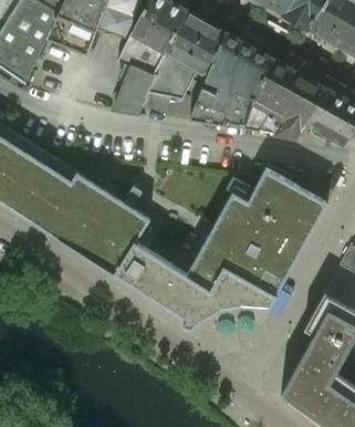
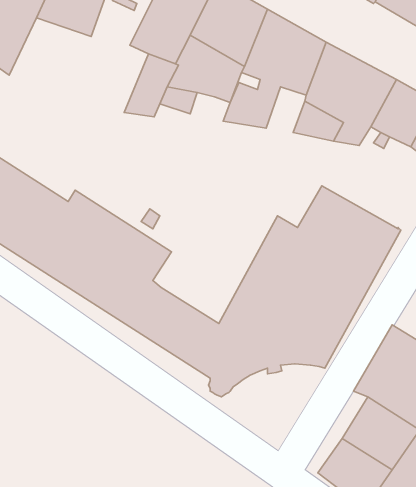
building: [223,92,254,127] -> none

